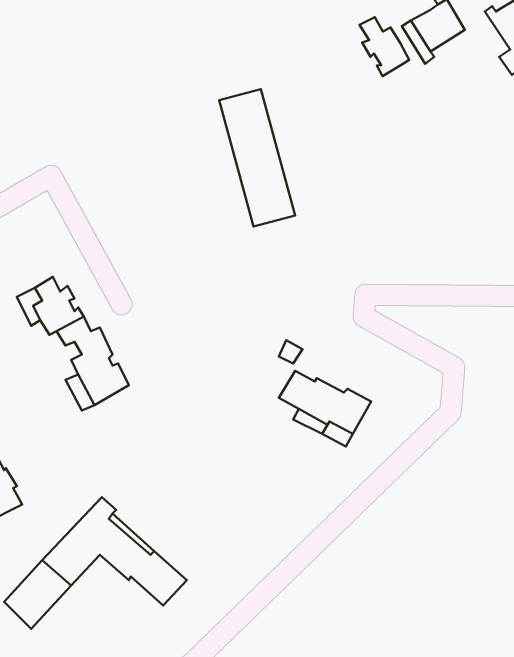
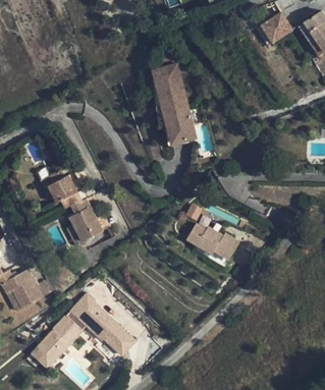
building: [360,17,409,76] -> none

